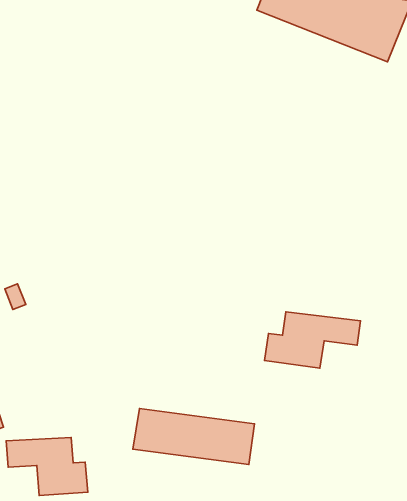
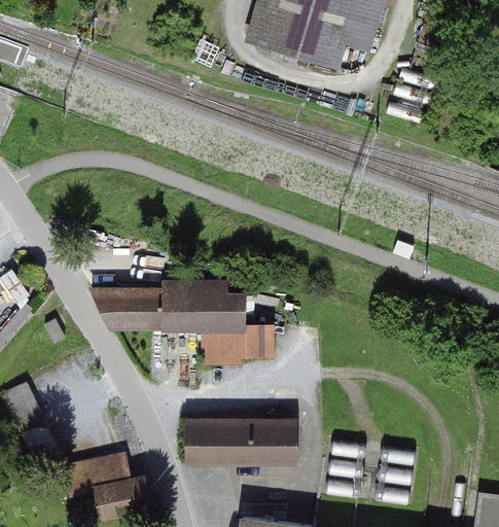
building: none -> [92,289,273,355]
building: [264,312,360,368] -> none

